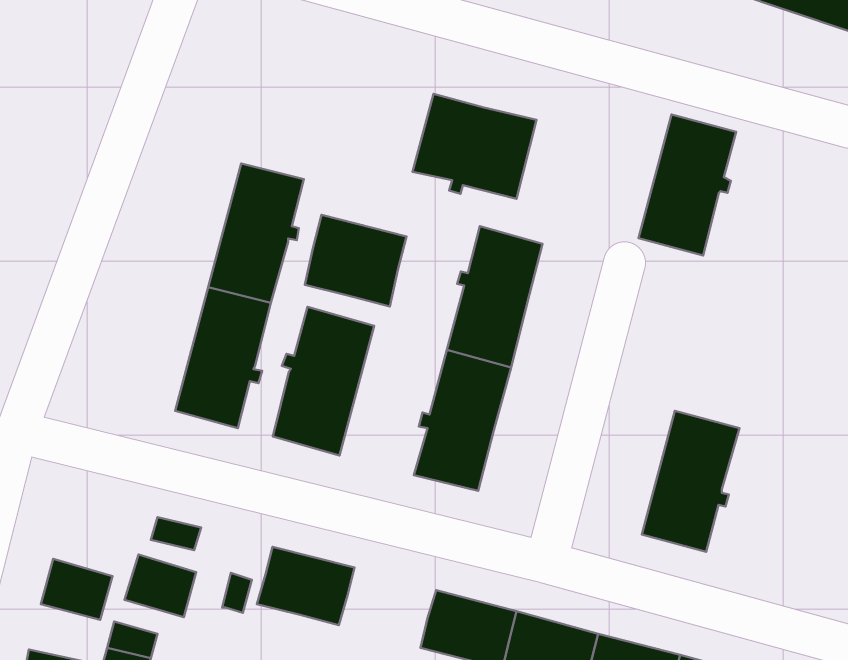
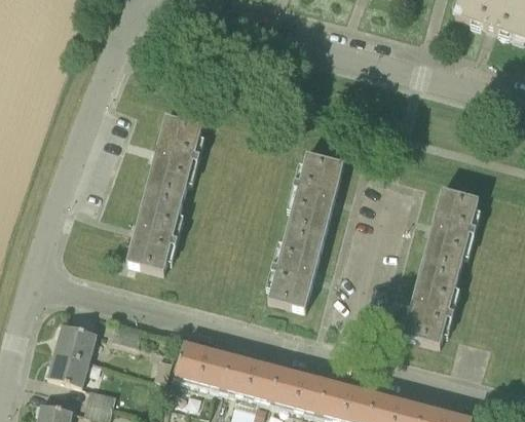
building: [412,94,536,199] -> none
building: [639,115,736,256] -> [421,189,479,272]
building: [305,215,407,306] -> none
building: [273,307,374,455] -> none
building: [125,555,196,617] -> [54,322,97,359]
building: none -> [223,354,280,401]

